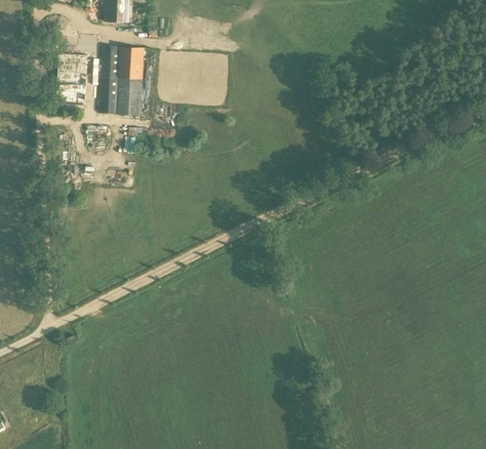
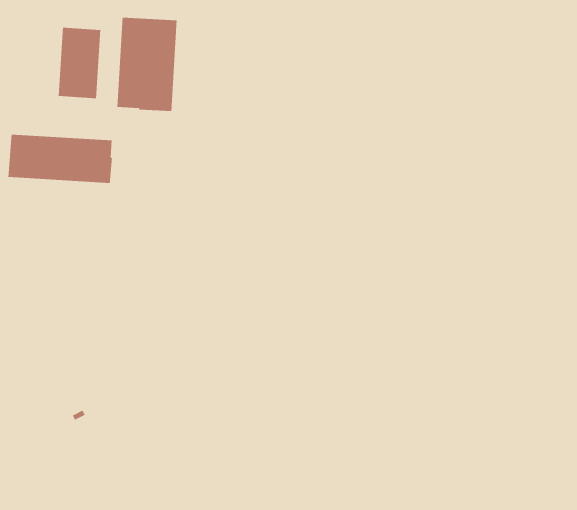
building: none -> [8,134,113,184]

